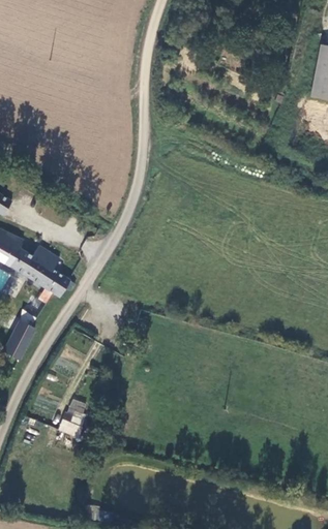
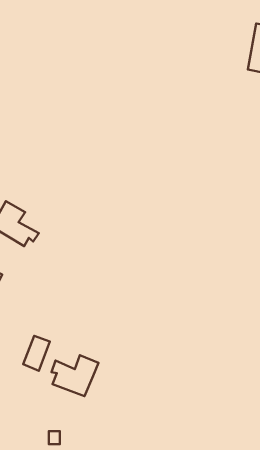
building: none -> [52,355,99,396]

